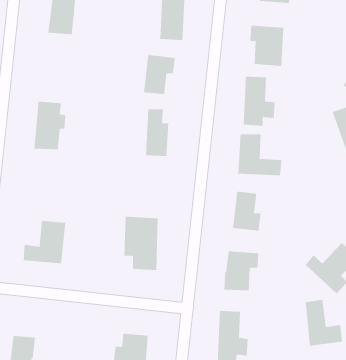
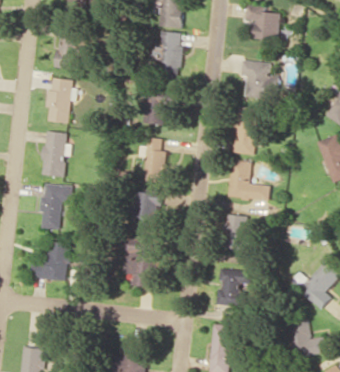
building: none -> [44,77,73,124]
building: none -> [40,184,72,229]
building: none -> [135,192,159,225]

